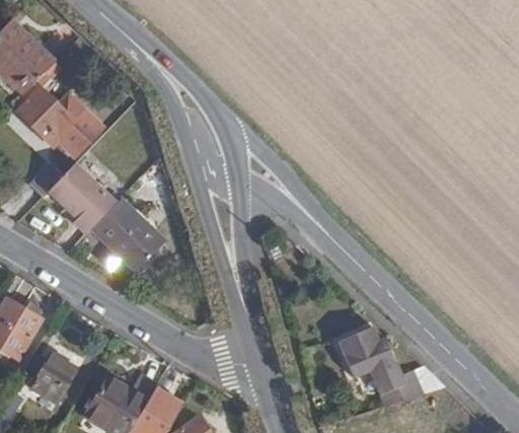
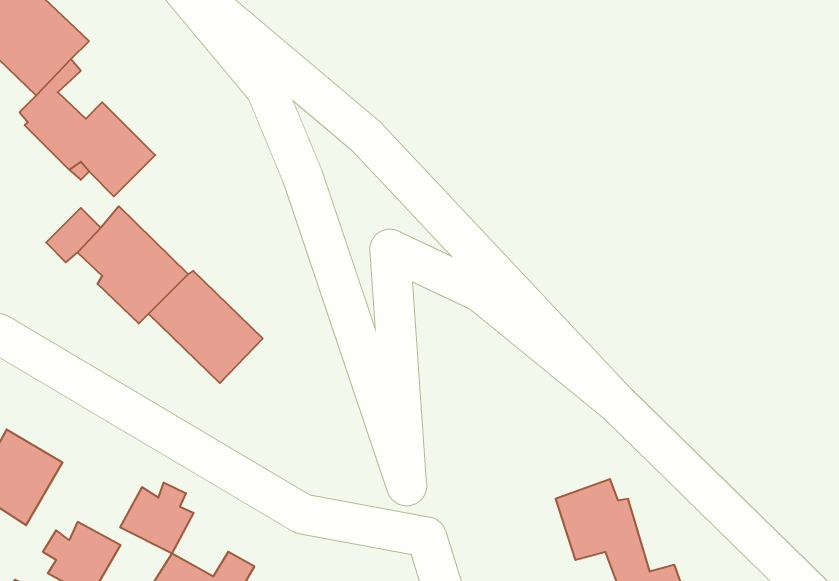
building: none -> [120,483,194,553]

